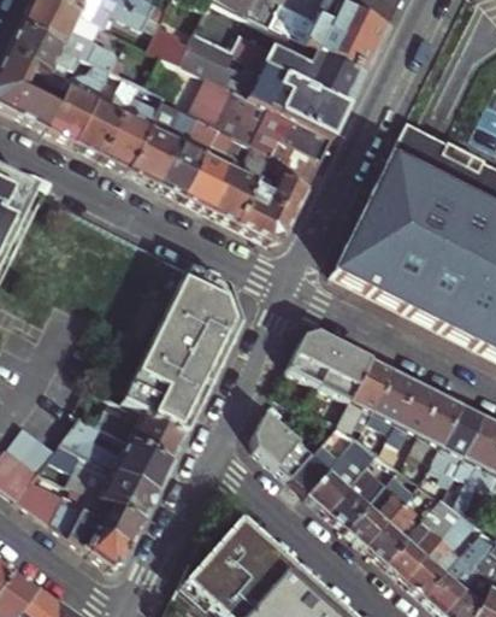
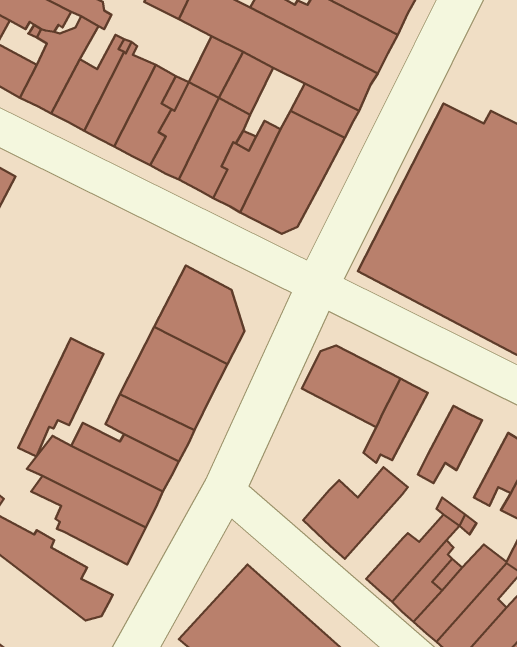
building: [243,100,289,152] -> none
building: none -> [18,338,104,456]
building: [362,374,414,437] -> none
building: [409,396,460,458] -> none
building: [250,416,309,481] -> none
building: [323,459,390,530] -> none
building: [76,490,140,543] -> none

